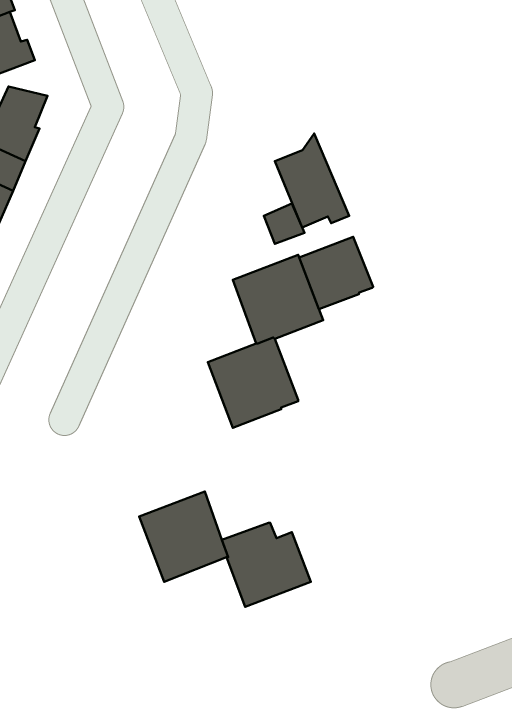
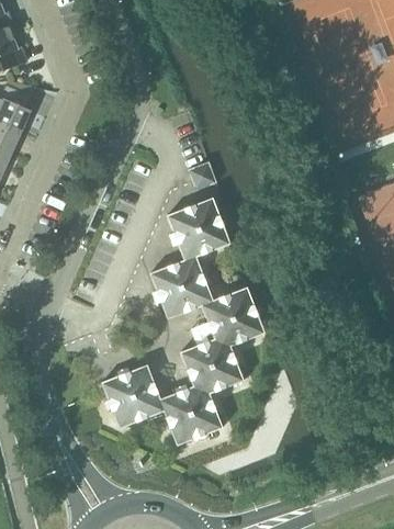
building: [275,133,349,228] -> none
building: [299,237,373,309] -> none
building: none -> [179,288,263,397]

